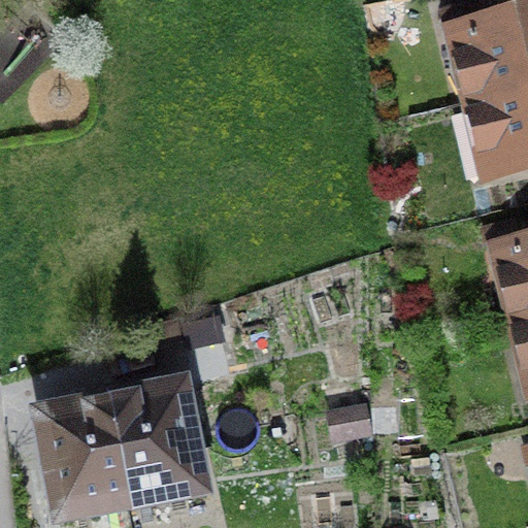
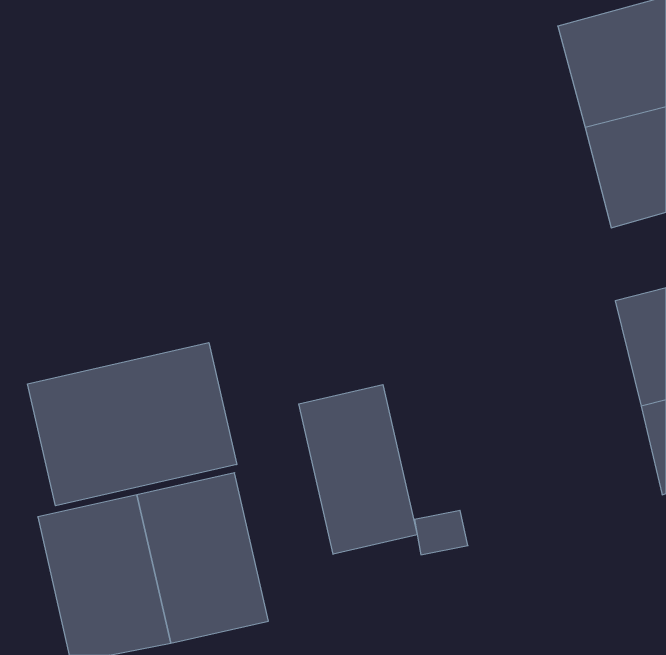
building: none -> [28,343,237,506]
building: none -> [299,385,417,554]

